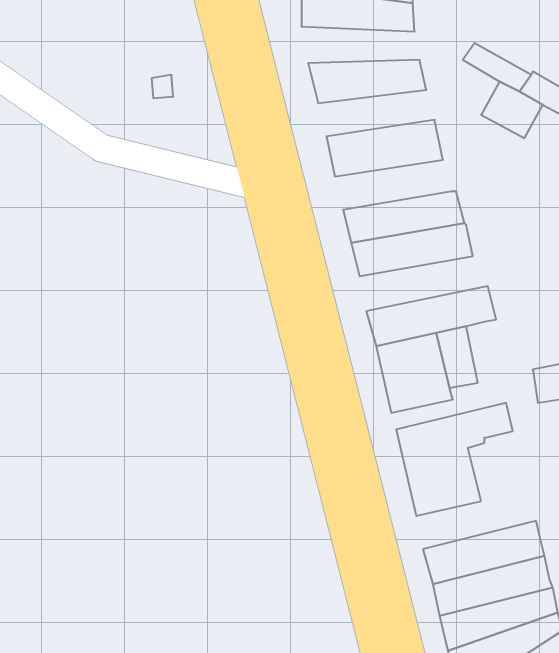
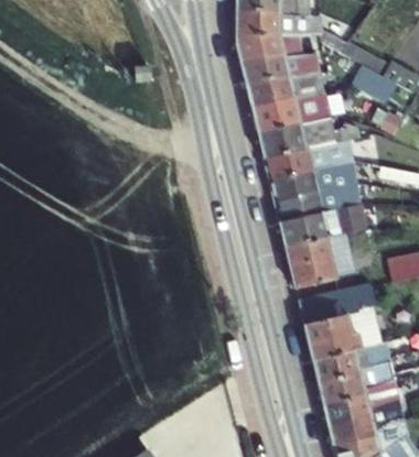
building: none -> [236,33,314,57]
building: none -> [247,75,324,106]
building: none -> [258,121,357,154]
building: none -> [275,185,354,221]
building: none -> [312,339,391,379]

